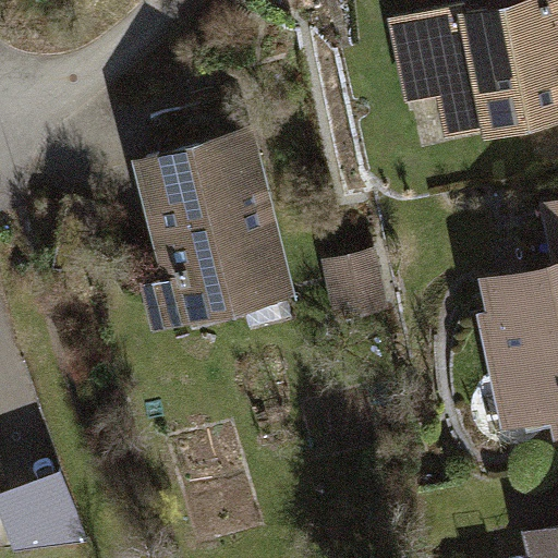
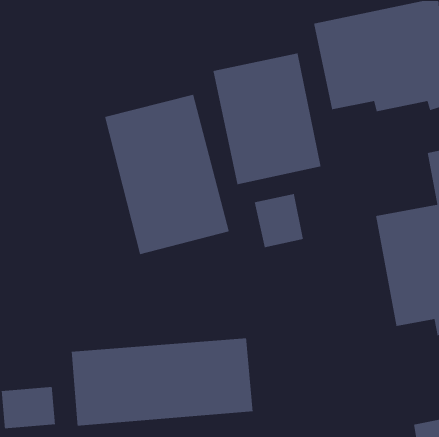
building: none -> [213,52,321,185]
building: none -> [71,337,254,426]

